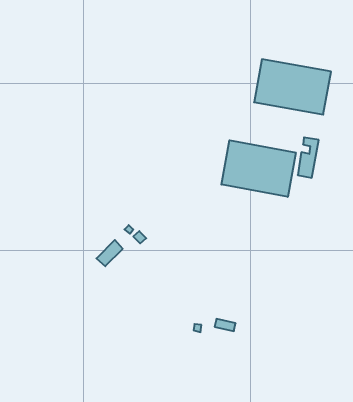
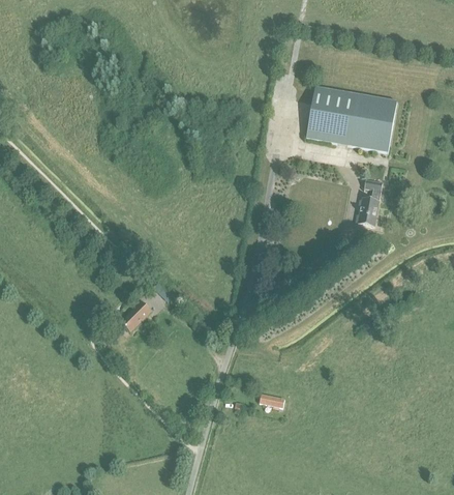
building: [221,140,296,197] -> none

